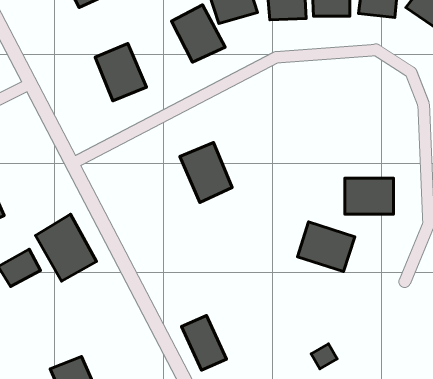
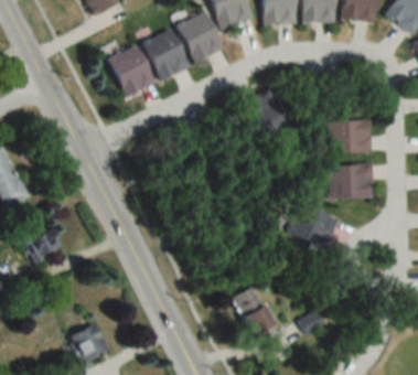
building: none -> [142,29,189,79]
building: none -> [328,119,373,151]
building: [180,143,232,202] -> [245,87,291,140]
building: [36,214,97,281] -> none
building: [182,315,227,370] -> [233,285,272,333]

